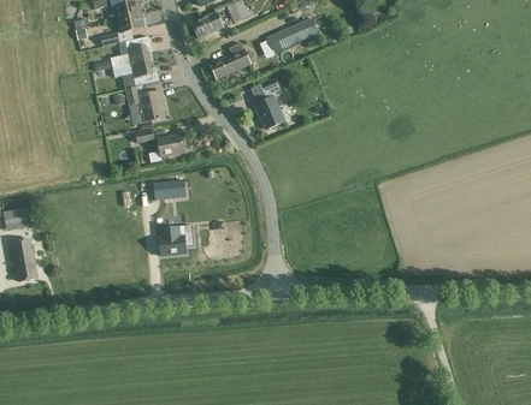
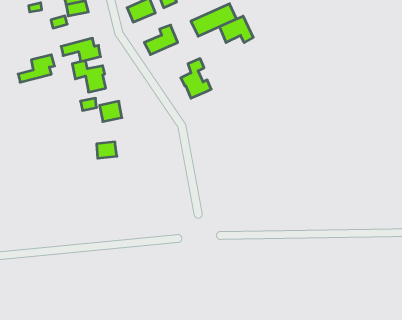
building: none -> [220,16,253,43]
building: [108,35,152,67] -> [18,55,55,82]
building: [158,224,193,255] -> none

